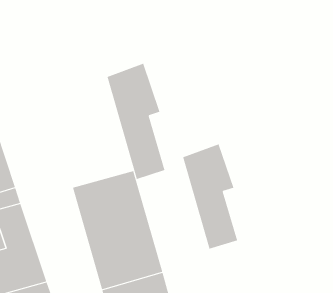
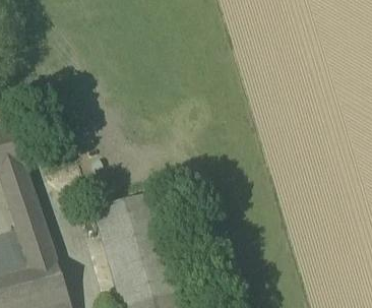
building: [107,63,165,180] -> none
building: [183,144,238,250] -> none

